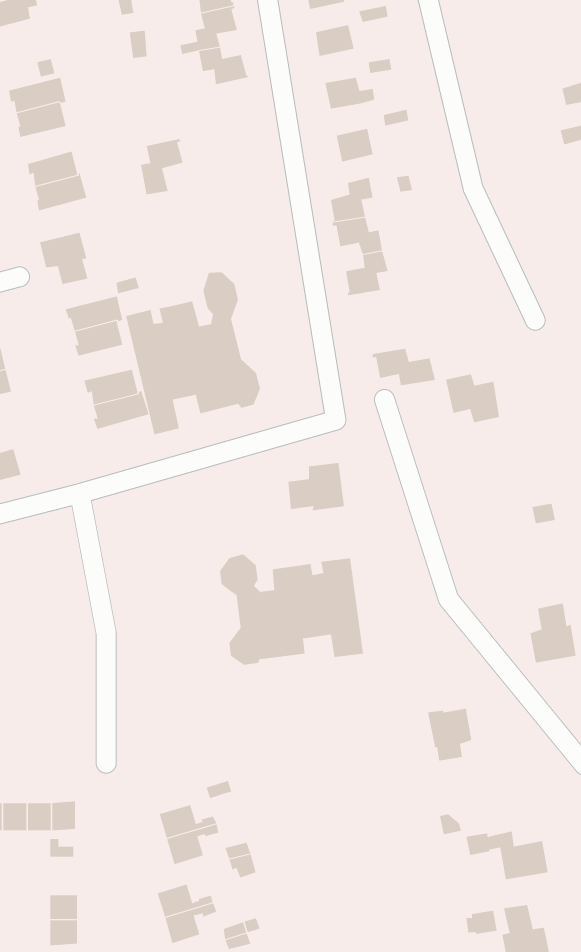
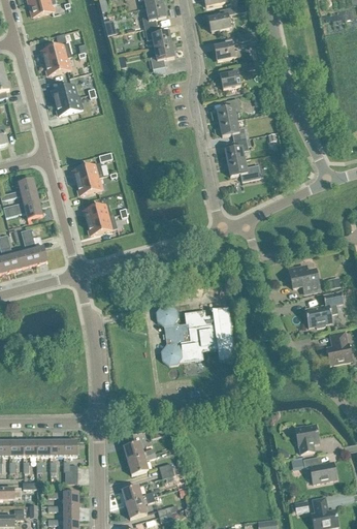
building: [140,138,184,195] -> [151,42,174,73]
building: [39,232,88,285] -> none
building: [125,271,260,435] -> none
building: [372,348,436,386] -> [226,159,261,180]
building: [445,374,500,423] -> [289,266,319,292]
building: [288,462,344,511] -> none
building: none -> [304,290,344,326]
building: [427,708,472,761] -> [294,424,319,453]

